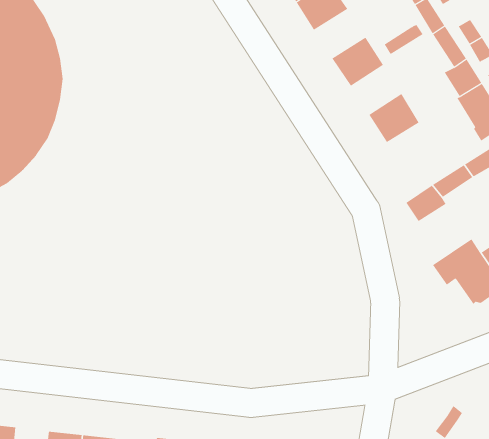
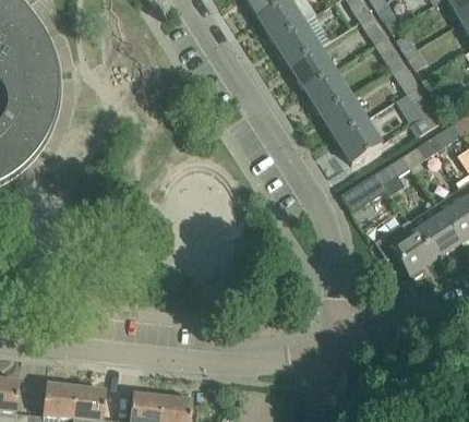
building: none -> [274,23,318,65]
building: none -> [305,71,349,113]
building: none -> [336,120,381,162]

